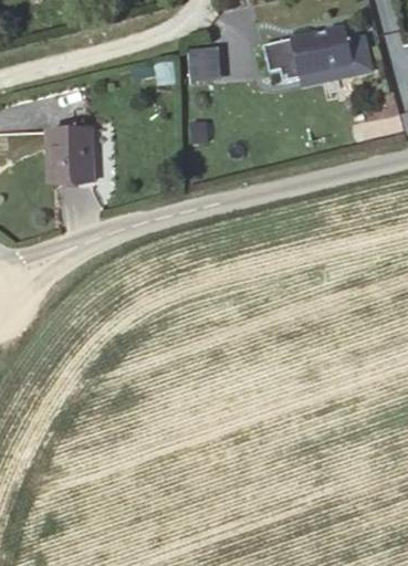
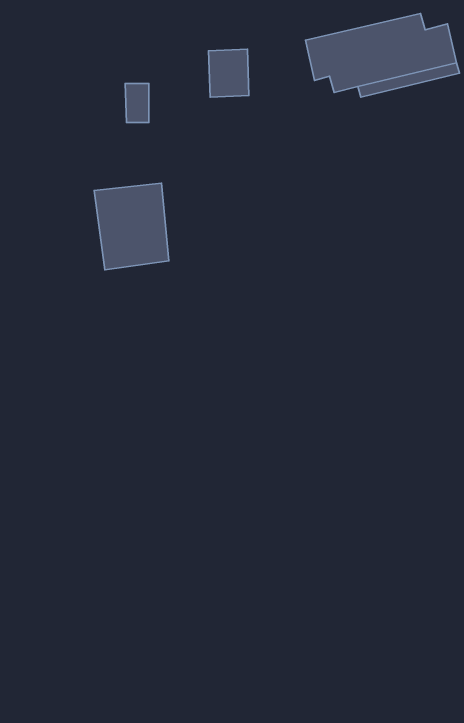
building: [42,124,97,188] -> [94,183,169,270]

